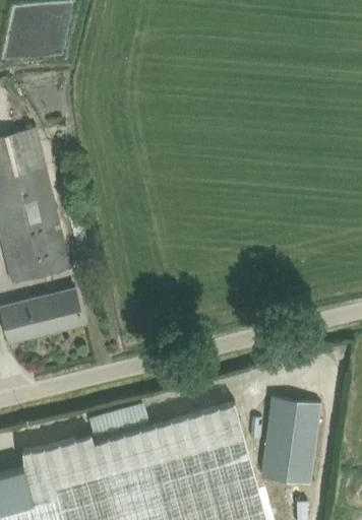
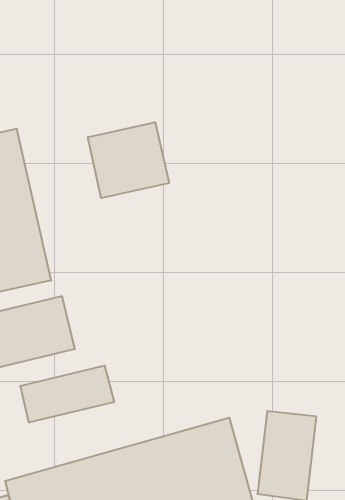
building: none -> [88,122,169,198]
building: none -> [20,366,114,423]

